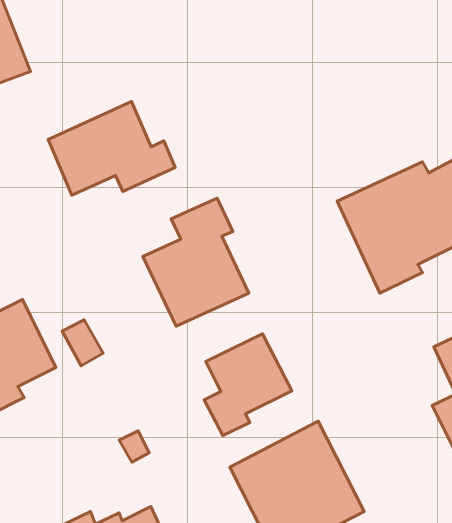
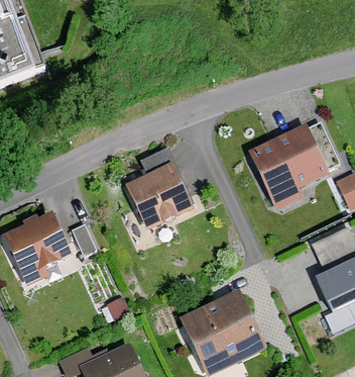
building: [48,102,175,195] -> none
building: [204,334,292,436] -> none

